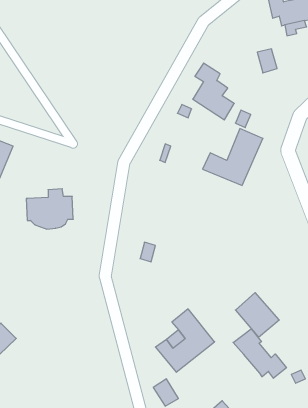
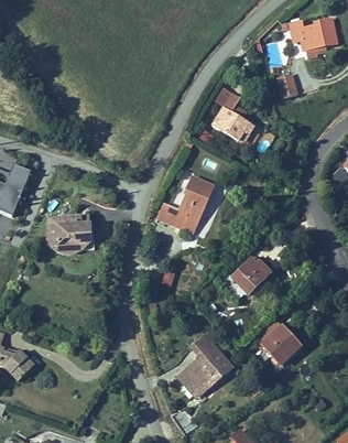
building: [203,129,263,185] -> [154,176,215,234]
building: none -> [219,253,273,299]
building: [233,329,286,378] -> none

